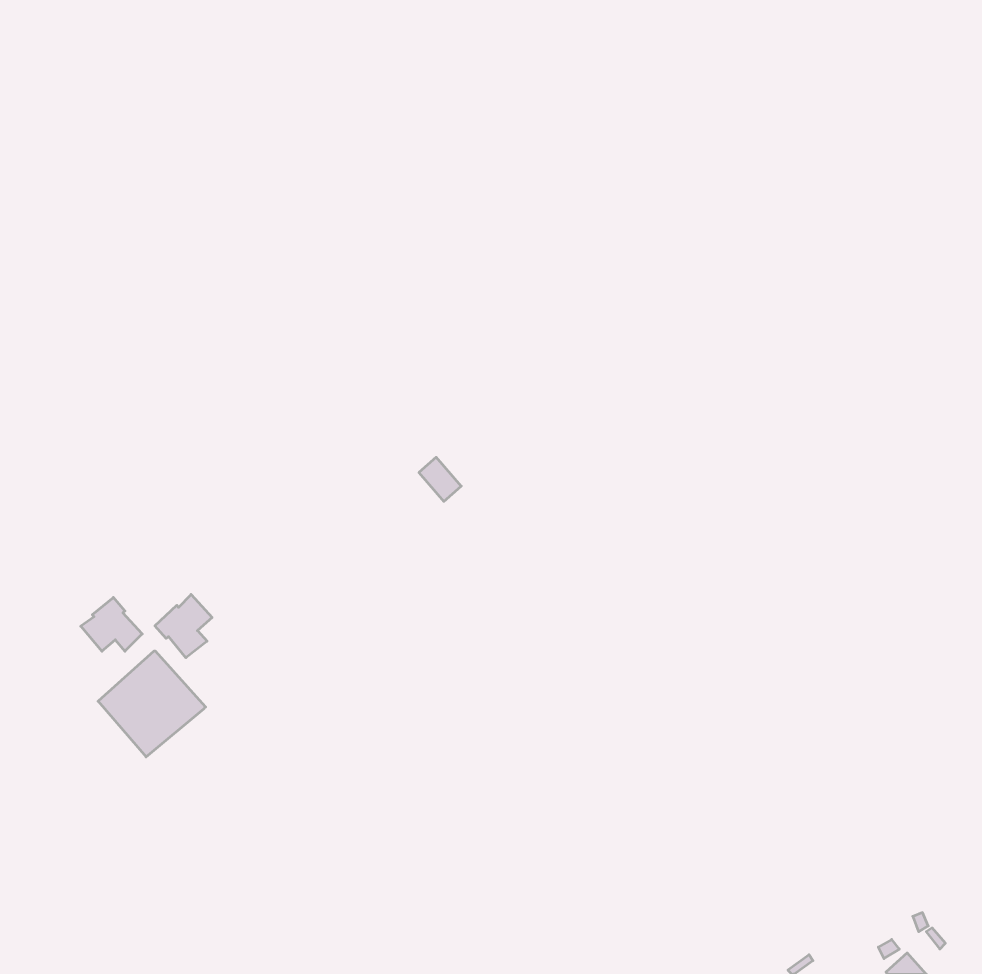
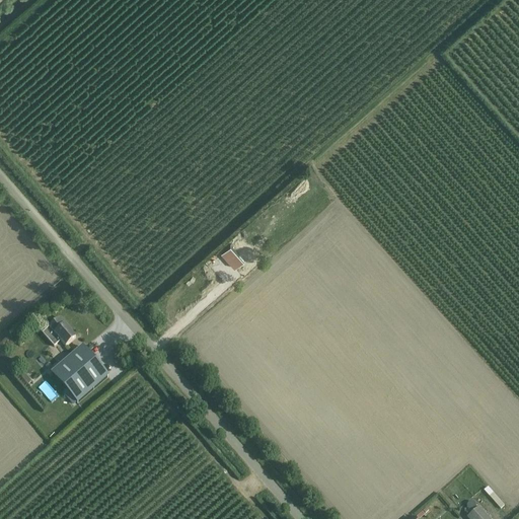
building: [155,594,212,658] -> none

